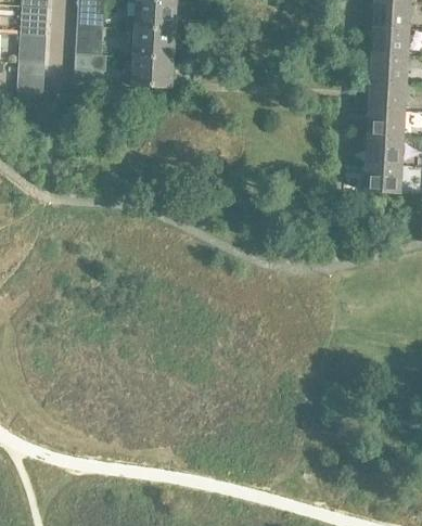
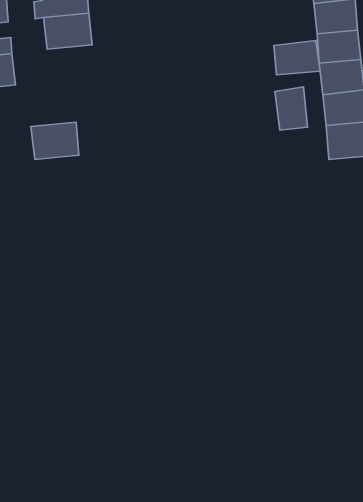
building: [132,54,174,86] -> [31,122,79,160]
building: none -> [274,41,320,75]
building: none -> [275,87,308,130]

